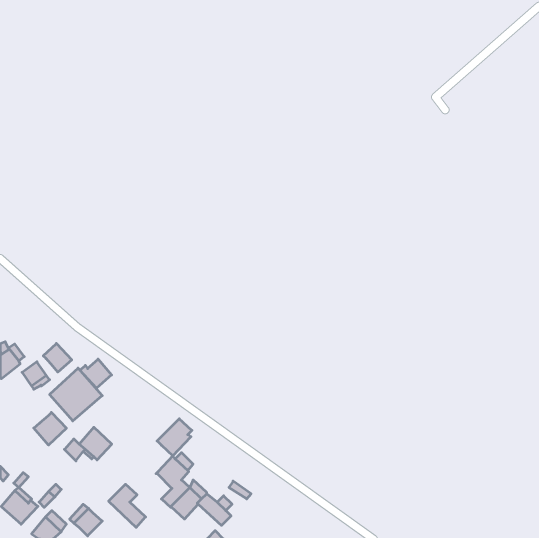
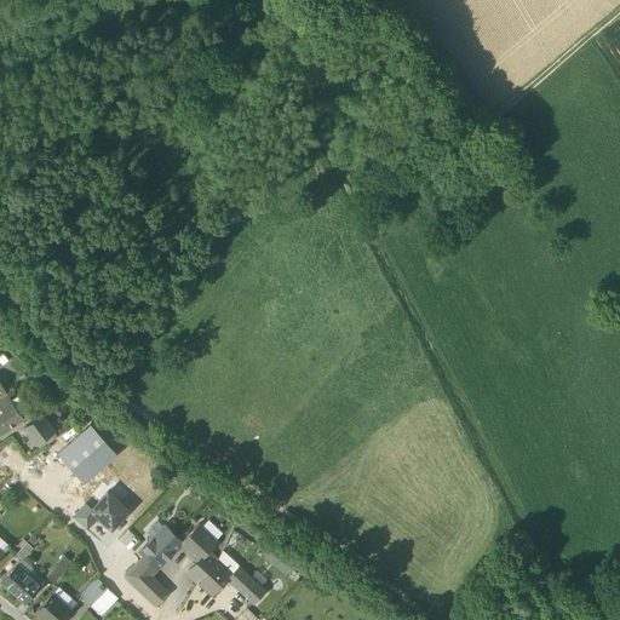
building: [43,343,72,372] -> none
building: [80,359,112,388] -> none
building: [34,412,66,445] -> none
building: [157,419,192,456] -> [139,527,179,569]

